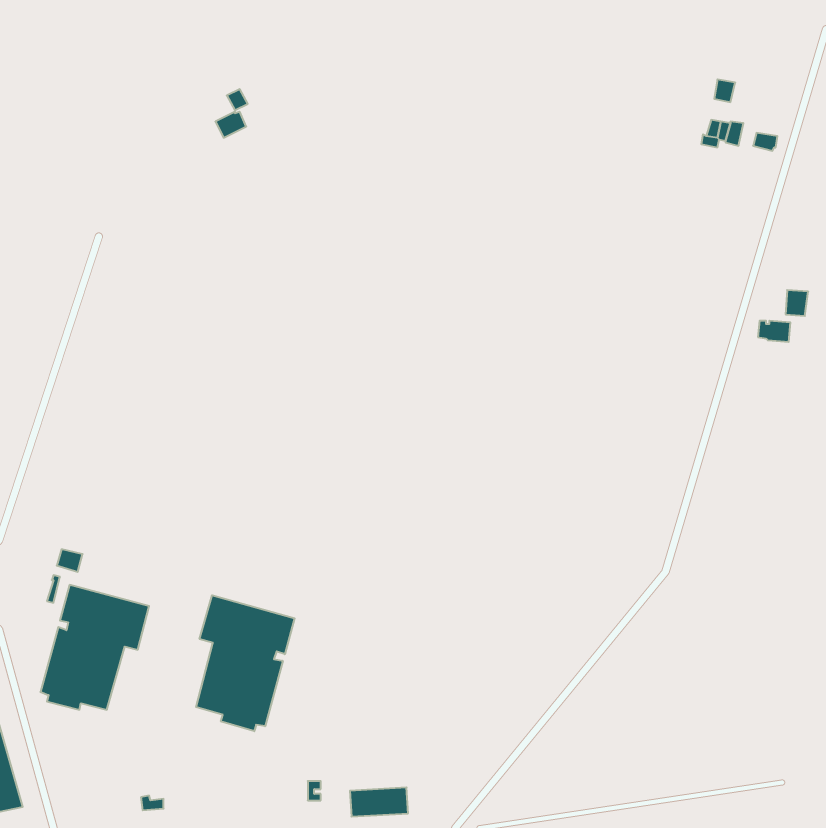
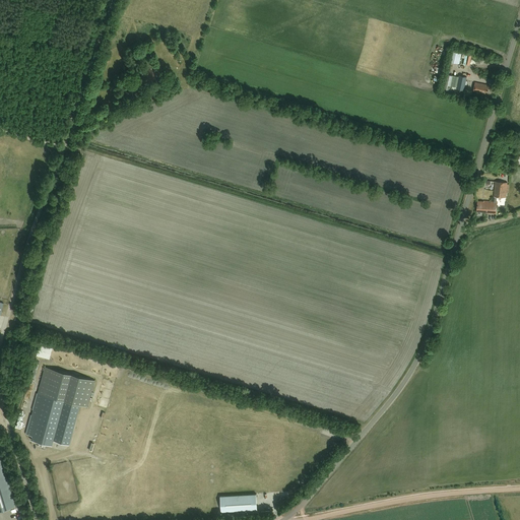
building: [196,595,295,731] -> none

